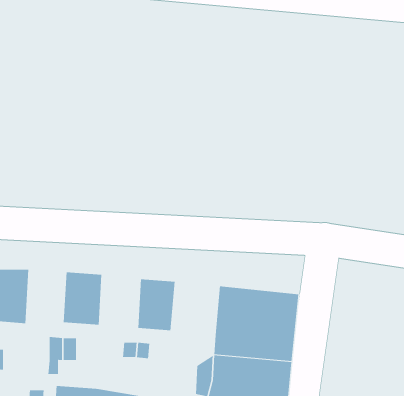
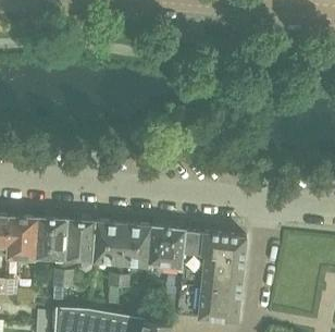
building: none -> [34,218,64,260]
building: none -> [90,222,122,263]
building: none -> [146,228,183,269]

